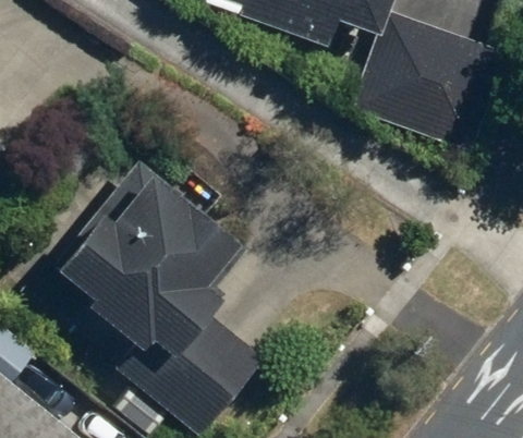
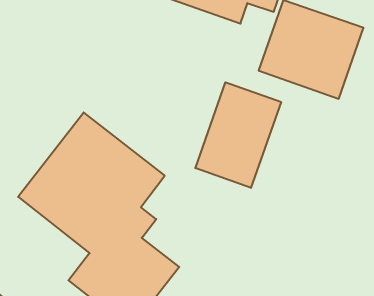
building: none -> [195,82,281,188]

